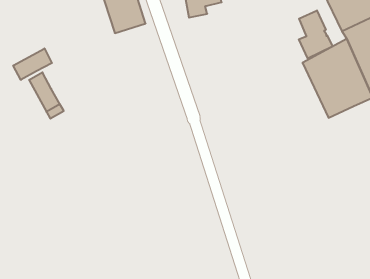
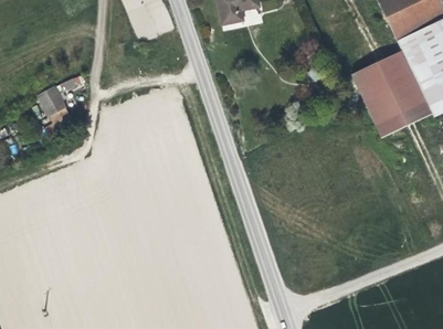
building: [299,10,333,59] -> none
building: [13,48,52,80] -> none

